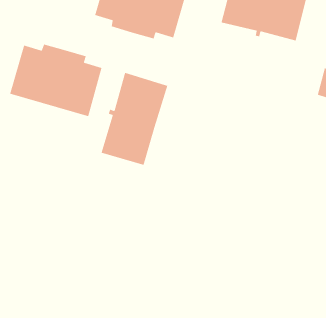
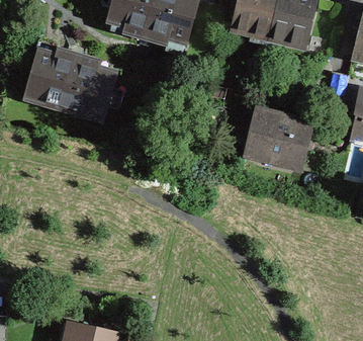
building: [100,72,168,166] -> none
building: none -> [245,110,311,165]

